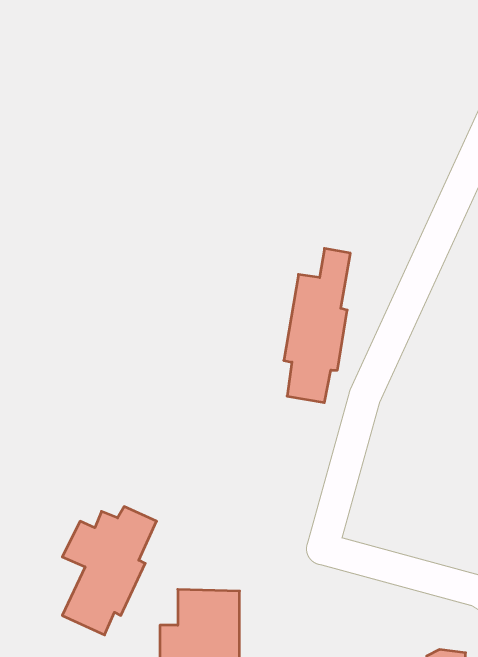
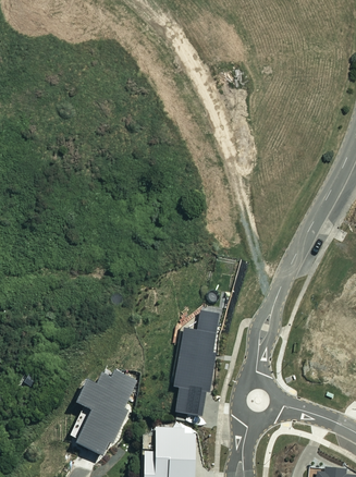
building: [284,248,350,403] -> [174,313,219,416]

